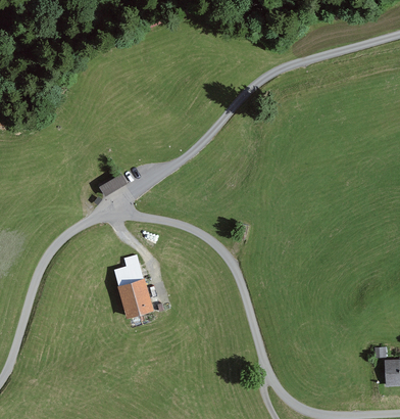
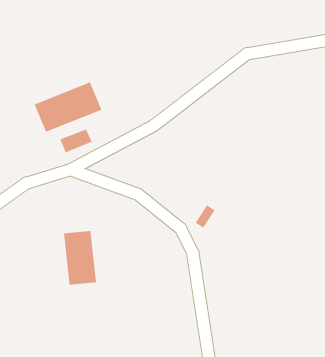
building: none -> [34,82,102,133]

